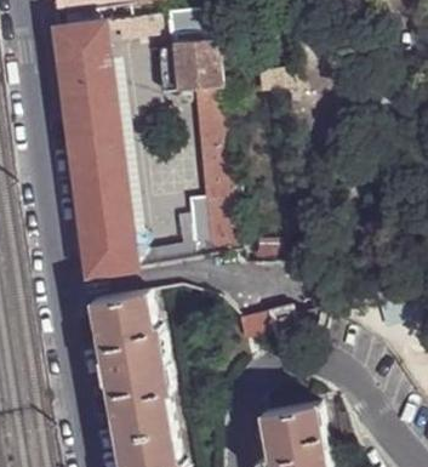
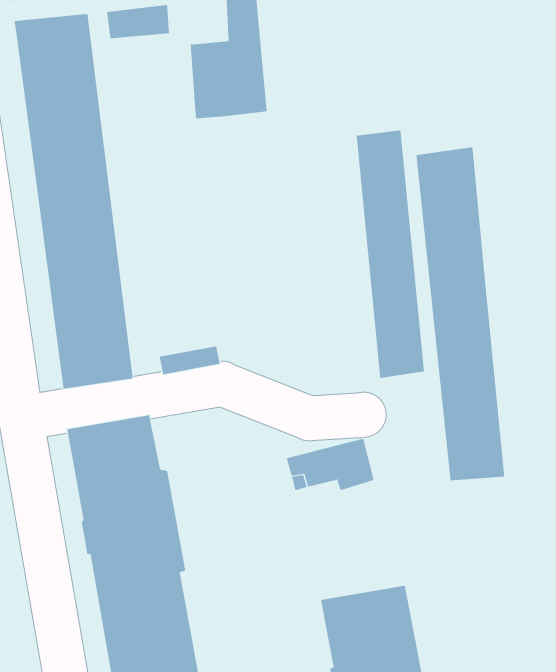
building: [192,86,238,252] -> [356,130,425,379]
building: none -> [416,146,505,481]

